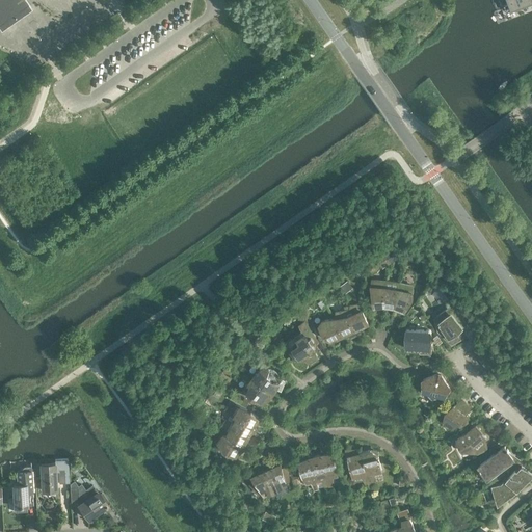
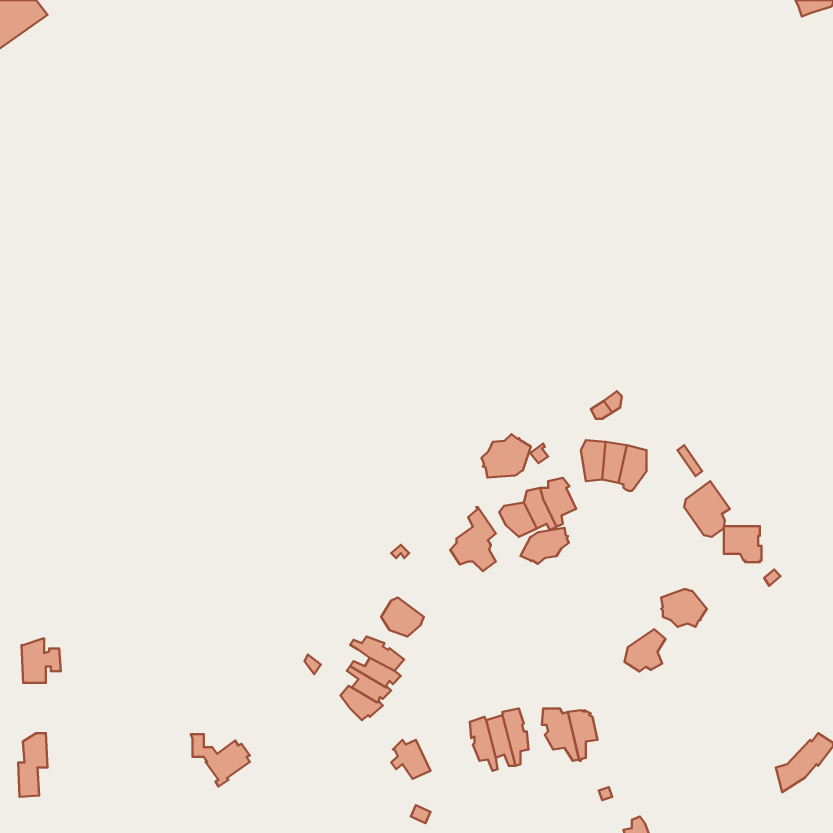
building: none -> [481,434,531,478]
building: [404,332,428,355] -> [724,526,761,562]
building: none -> [521,528,569,564]
building: [252,368,278,394] -> none
building: [442,402,468,429] -> [625,629,666,672]
building: [455,425,485,455] -> none
building: [476,449,511,480] -> none
building: [38,464,63,493] -> [21,639,61,683]
building: [264,464,287,491] -> none
building: [68,489,105,523] -> [191,734,250,786]

